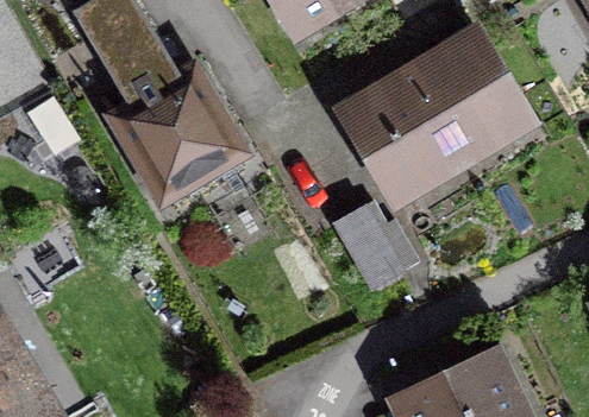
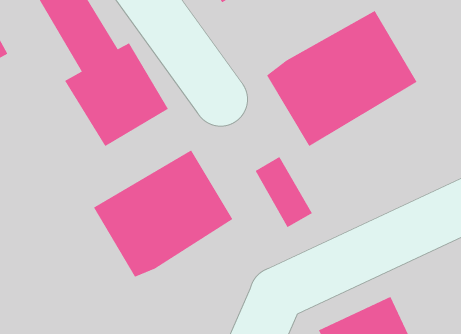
building: none -> [93,149,233,277]

